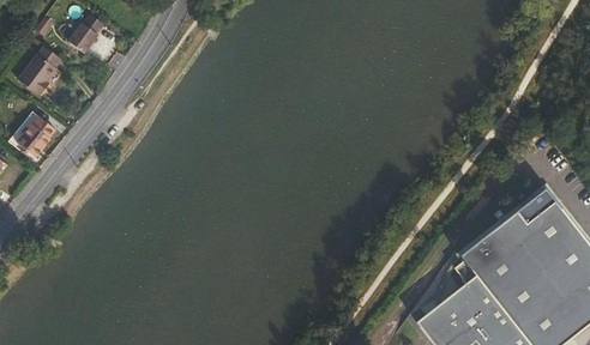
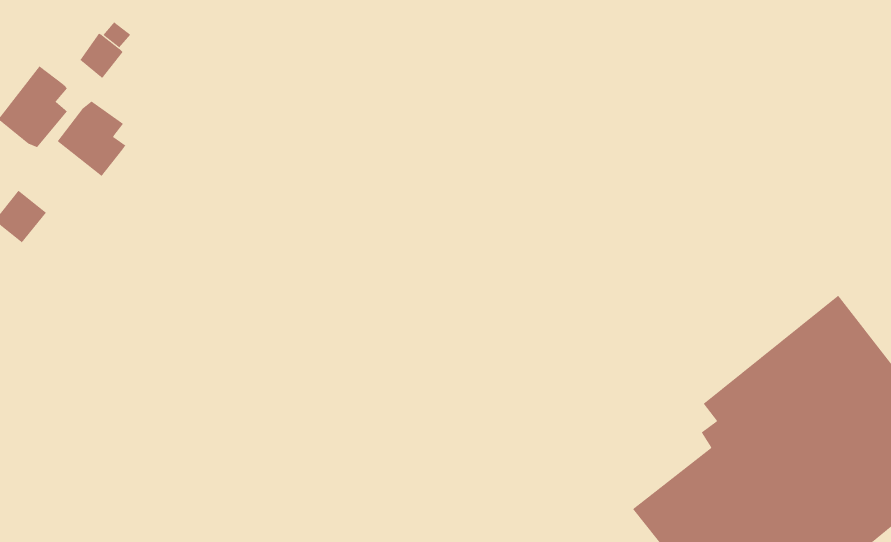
building: none -> [57,100,126,177]

